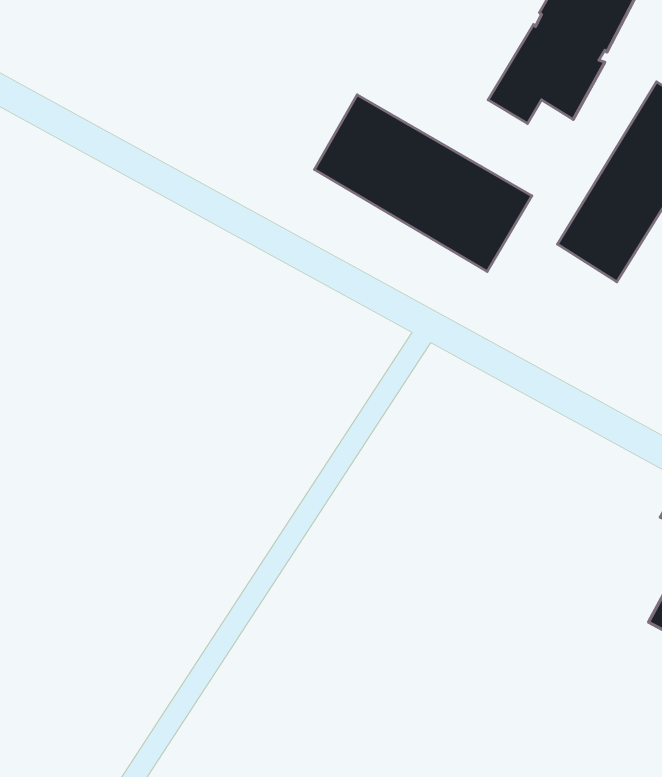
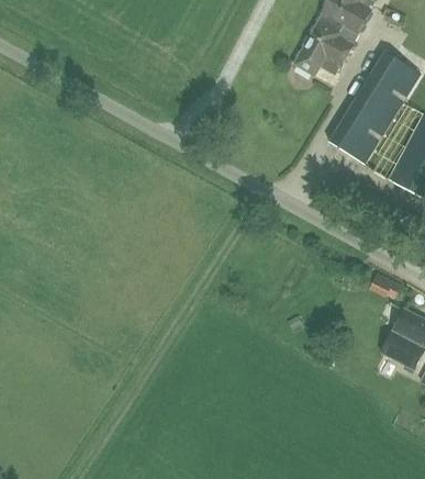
building: [315,95,532,272] -> none

